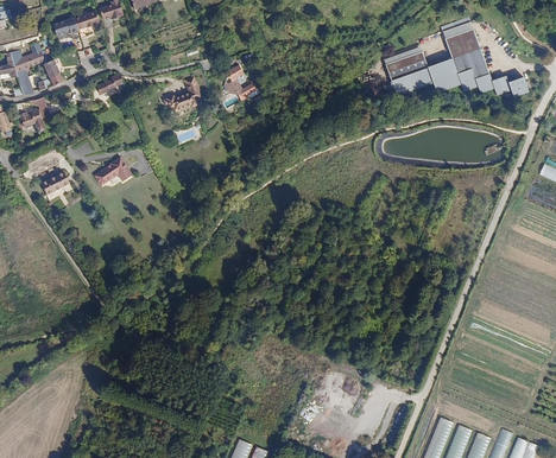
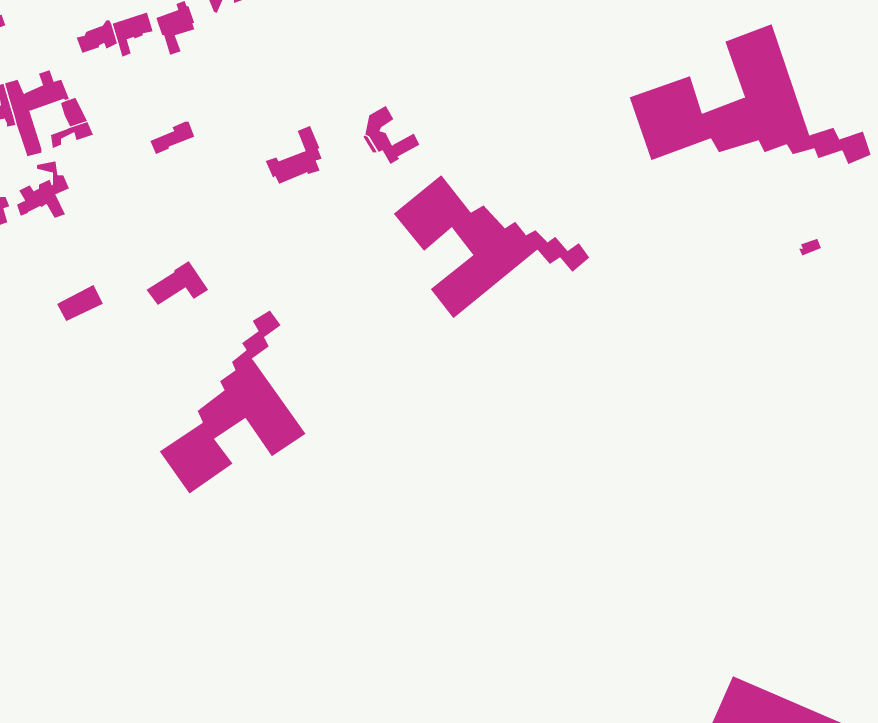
building: none -> [393,174,590,319]
building: none -> [159,310,307,494]

